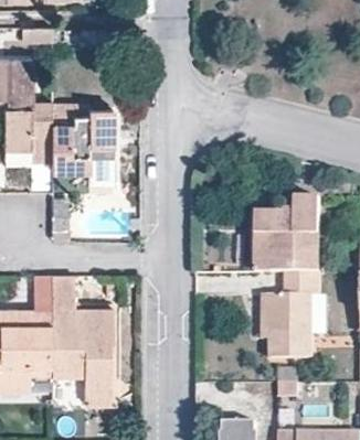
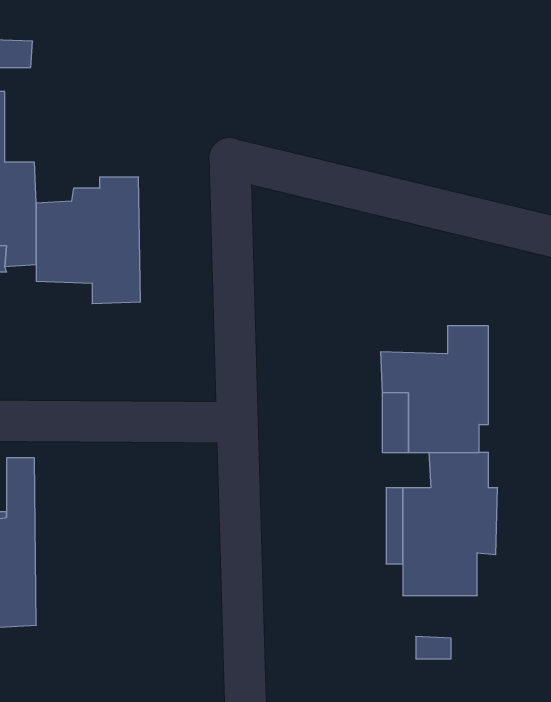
building: [50,275,113,404] -> none

